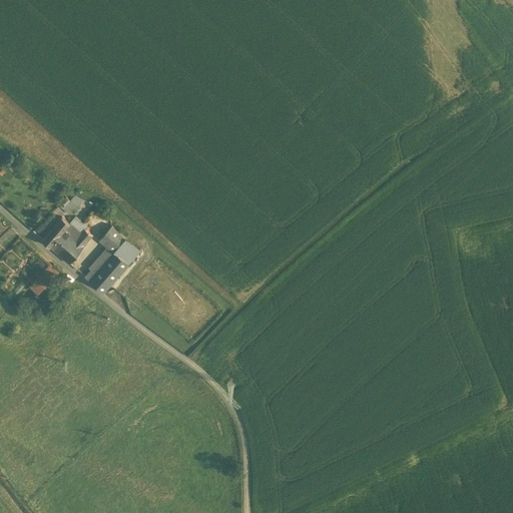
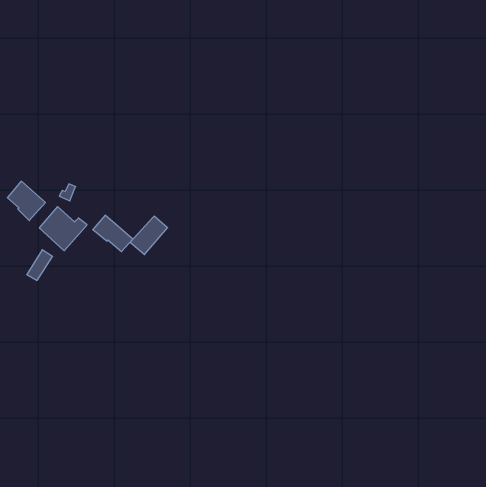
building: none -> [7,181,45,221]
building: [88,253,127,294] -> [130,216,168,255]

